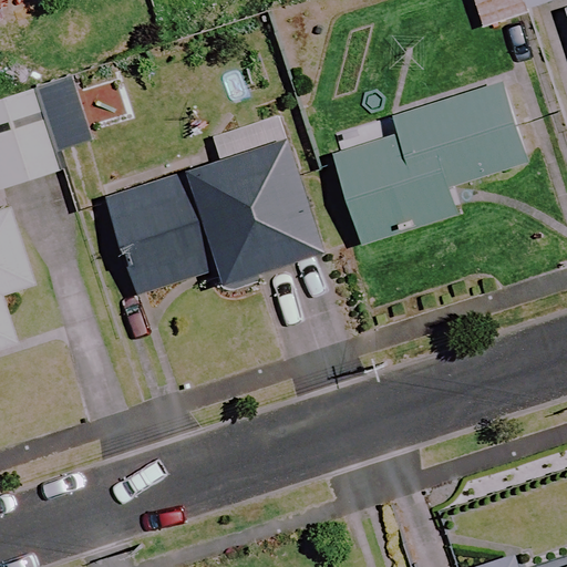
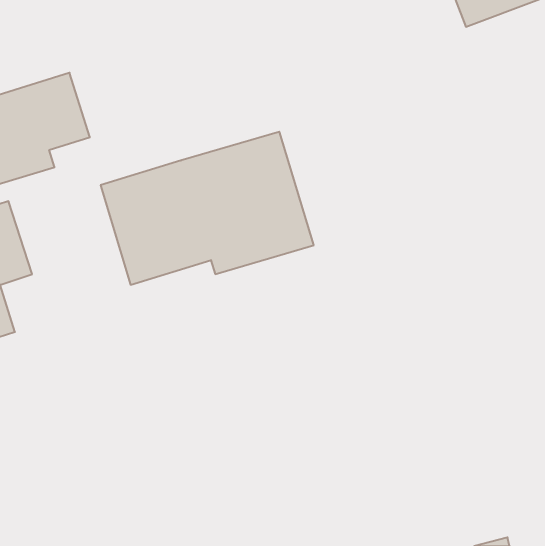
building: [326,81,526,244] -> none

